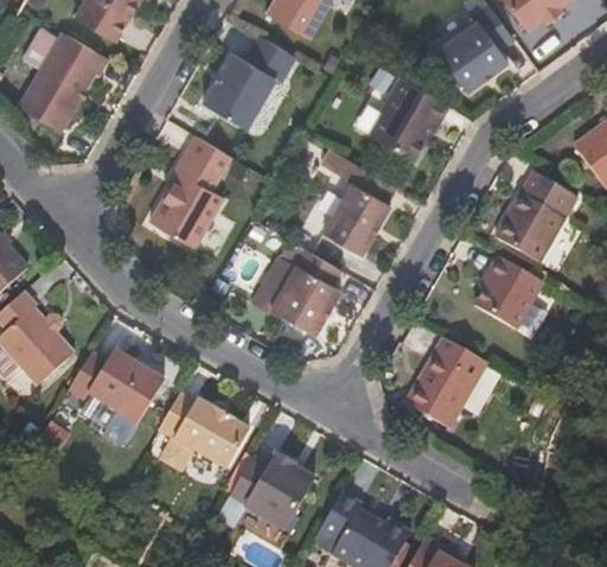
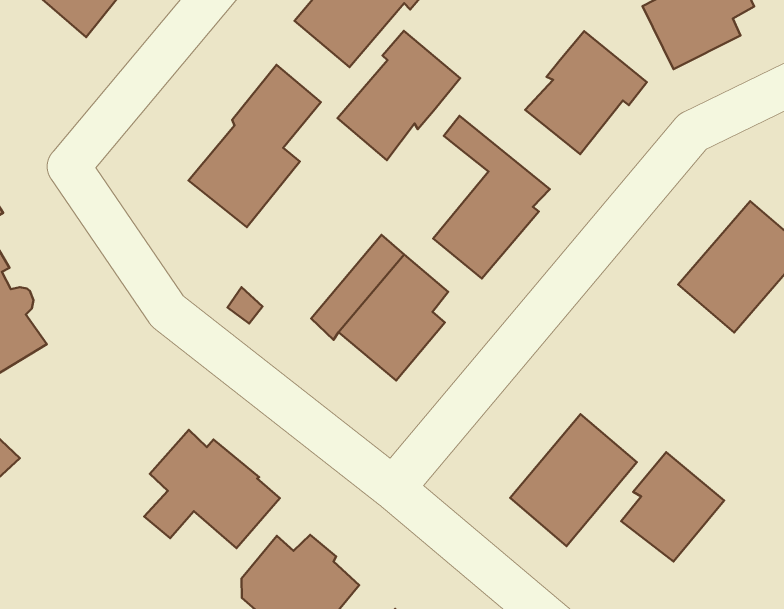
building: none -> [338,31,460,160]
building: [474,256,542,330] -> [621,452,724,562]
building: [66,350,164,431] -> none

